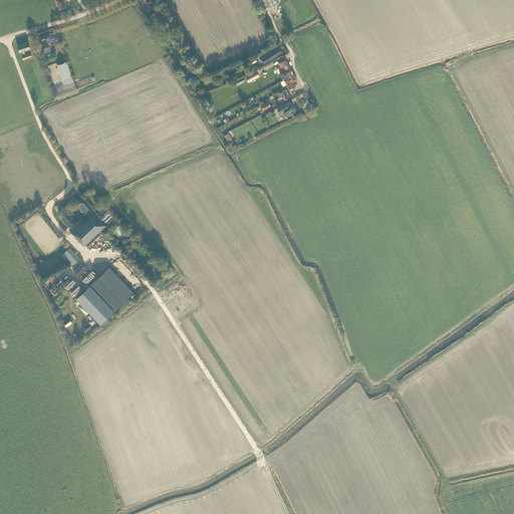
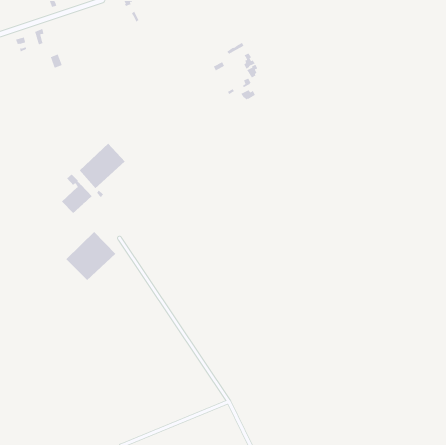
building: none -> [79,143,125,189]

